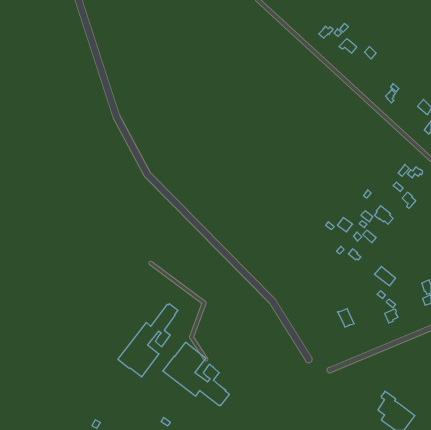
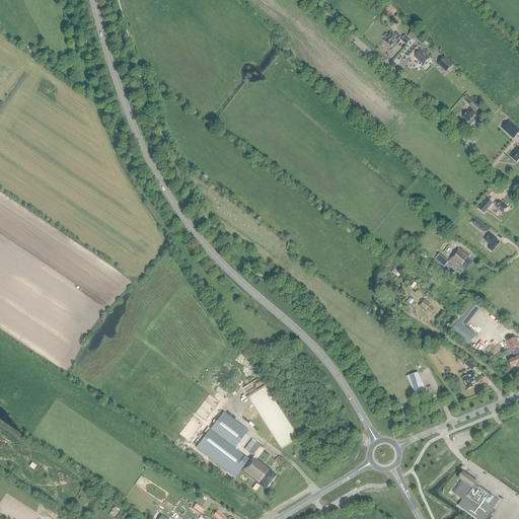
building: [118,304,178,377] -> none

